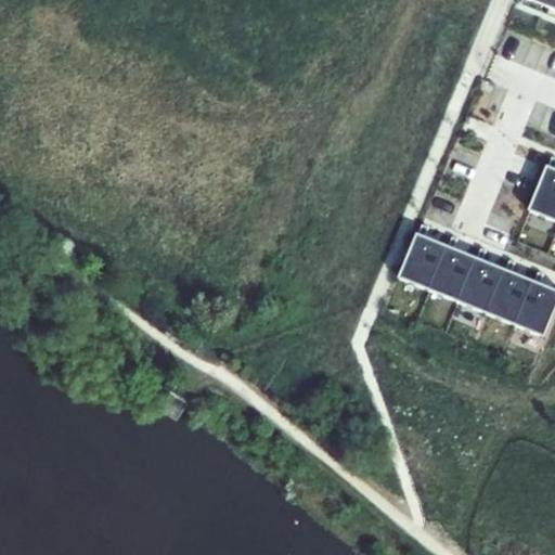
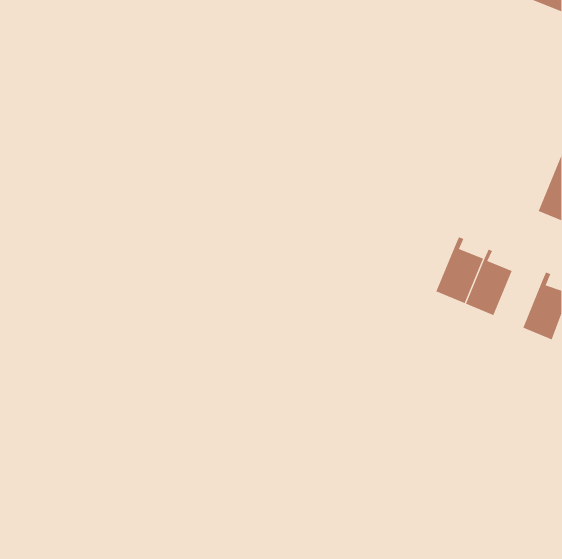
building: [400,220,448,287] -> none
building: [487,256,533,323] -> none

